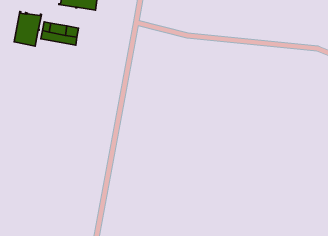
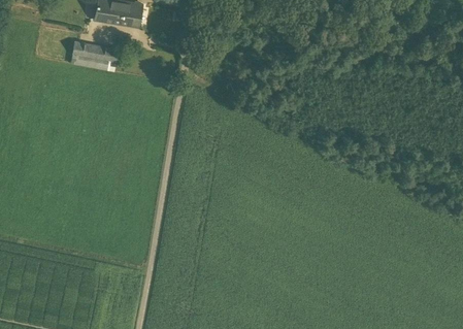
building: [14,11,42,46] -> none

